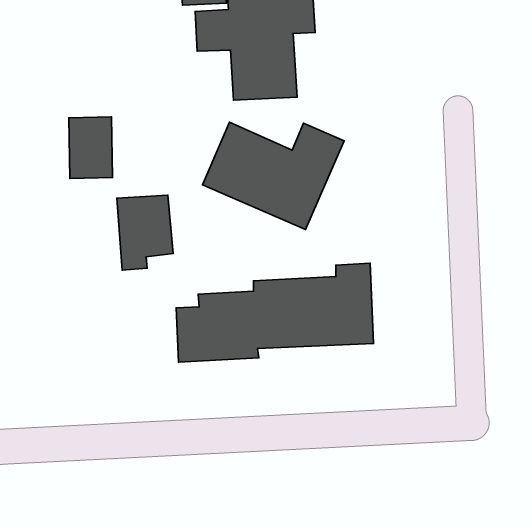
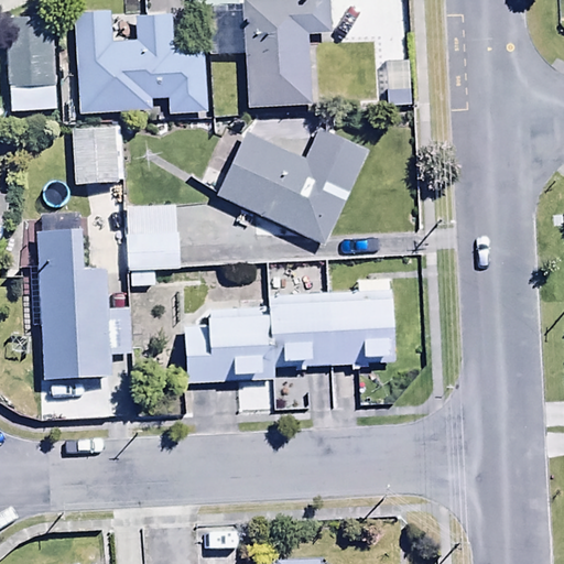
building: none -> [74,7,209,113]
building: none -> [7,13,59,112]
building: none -> [35,234,112,382]

